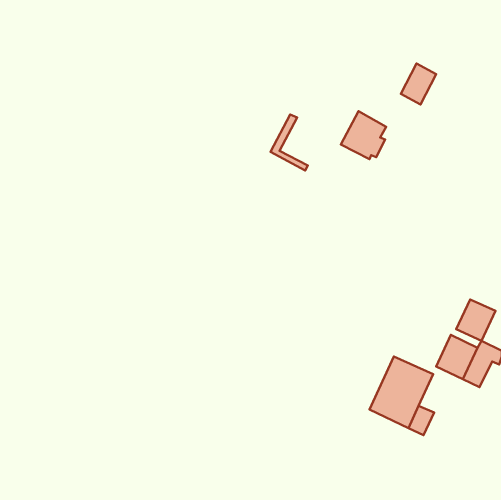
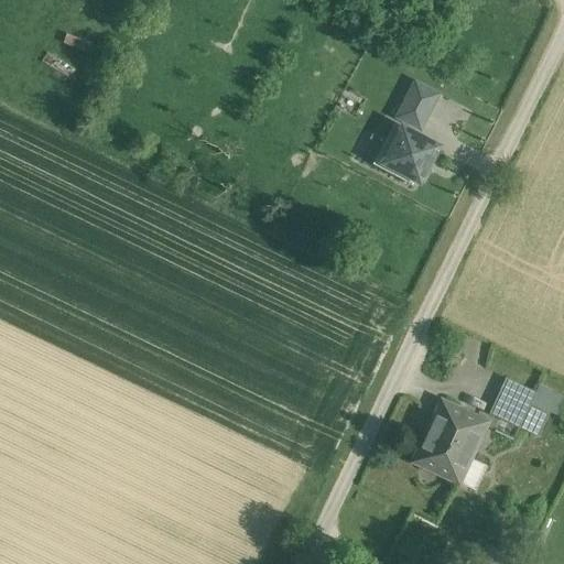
building: [401,63,436,105] -> [399,80,438,127]
building: [271,115,308,171] -> [373,121,415,184]
building: [456,299,495,341] -> none

